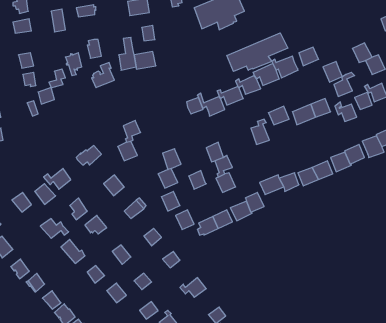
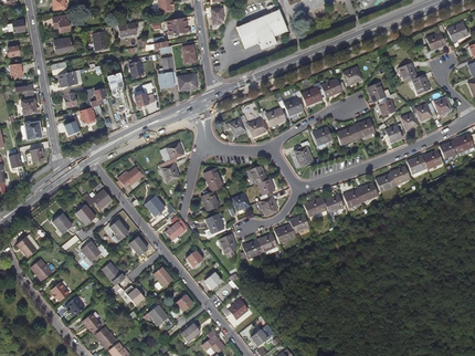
building: [227,33,288,71] -> none

